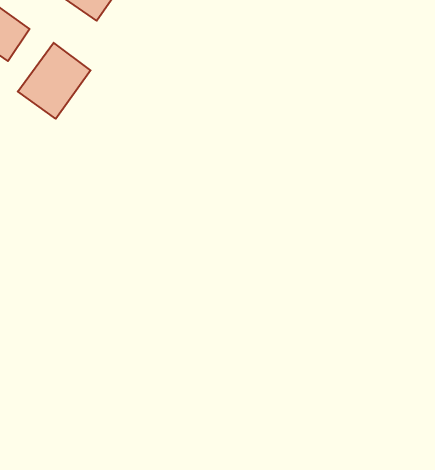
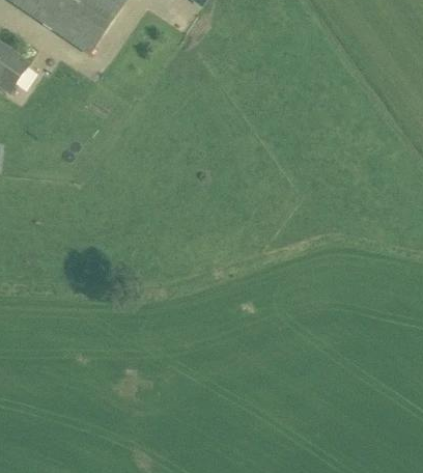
building: [18,43,91,119] -> none

